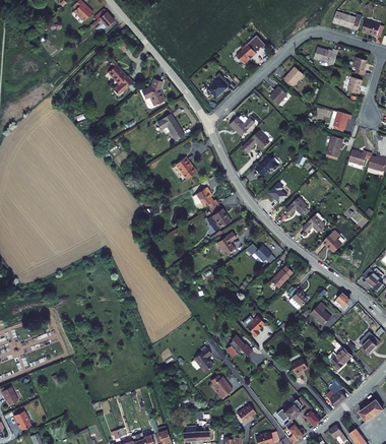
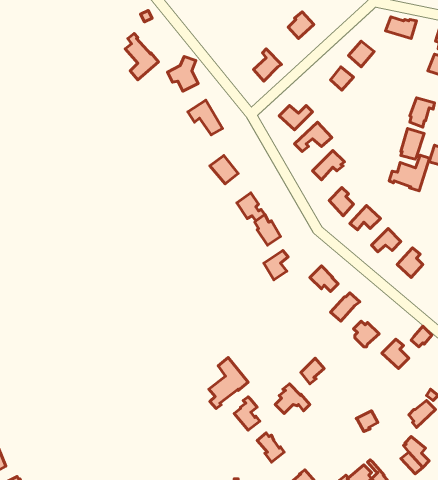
building: none -> [389,155,430,191]
building: none -> [209,358,248,408]

